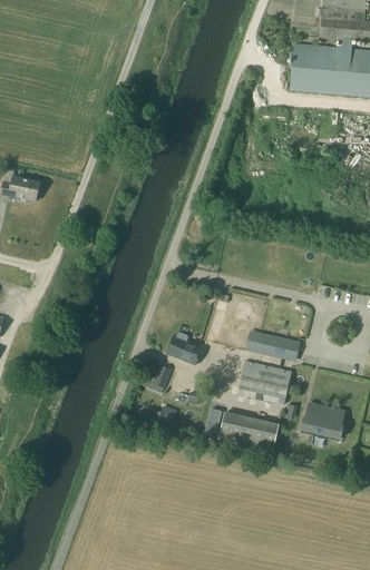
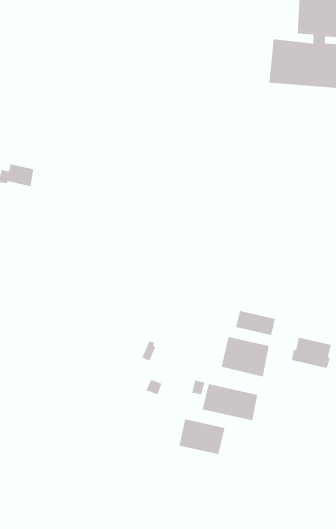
building: [166,332,203,364] -> none
building: [301,402,344,438] -> [291,335,332,368]
building: none -> [179,419,225,455]

